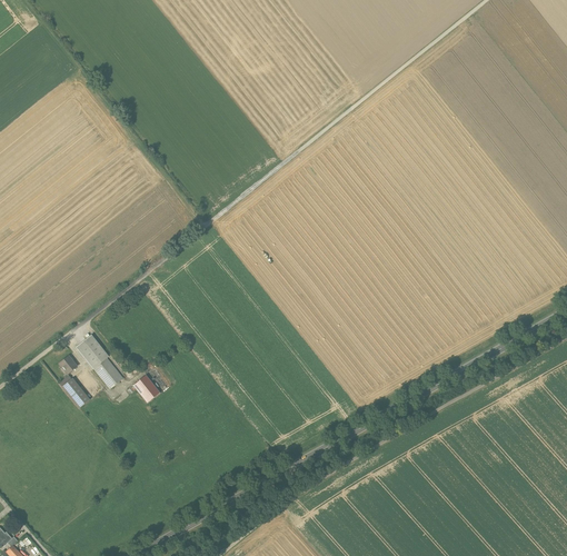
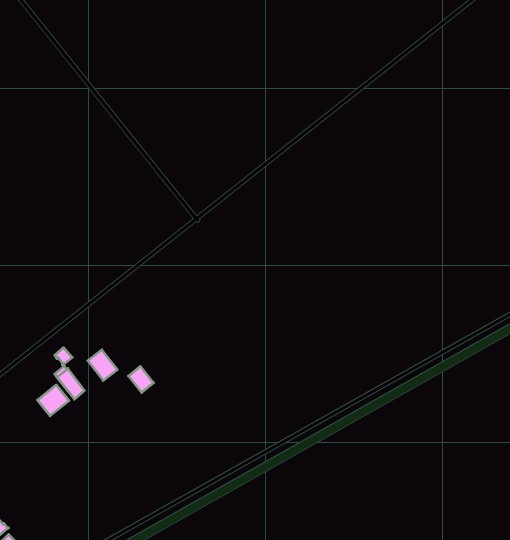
building: [76,334,110,369] -> none
building: none -> [37,385,69,416]

